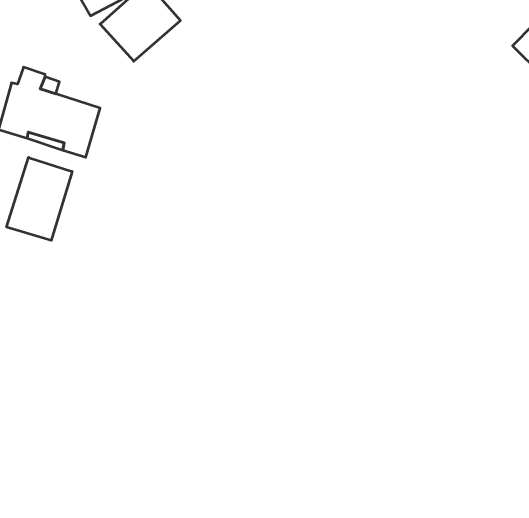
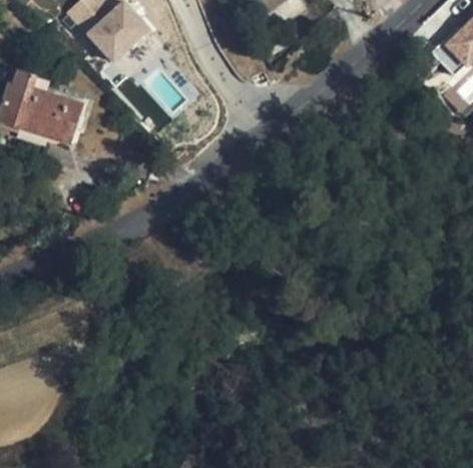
building: [7,157,72,240] -> none

